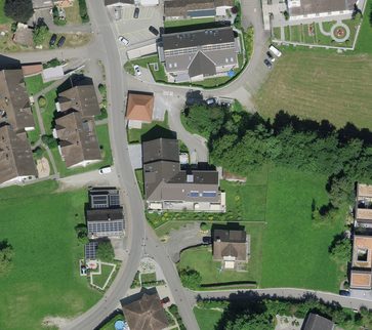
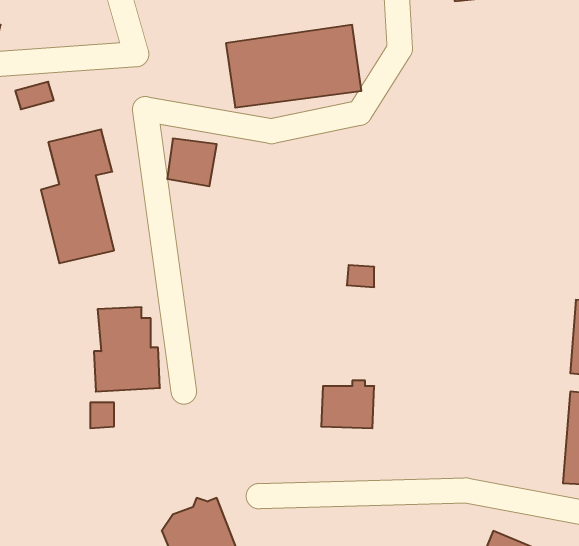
building: [144,141,216,198] -> none

